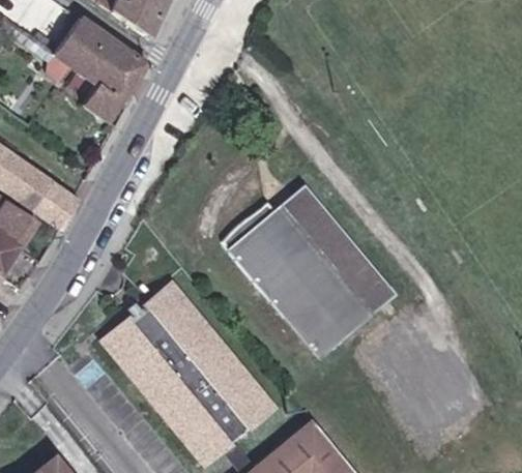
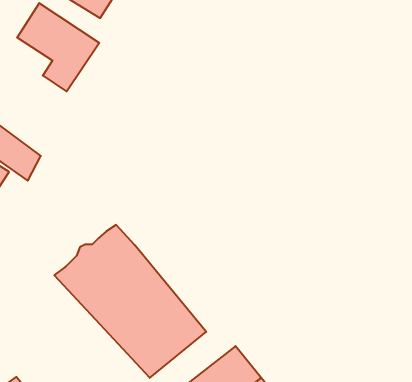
building: [222,186,398,359] -> none

